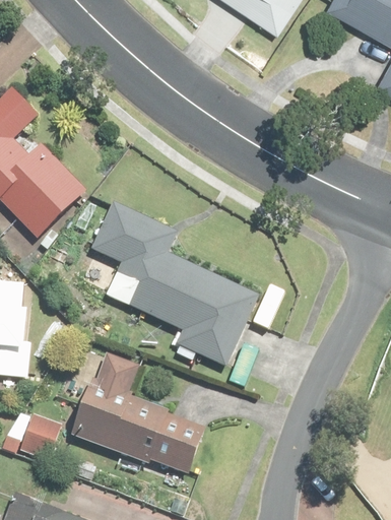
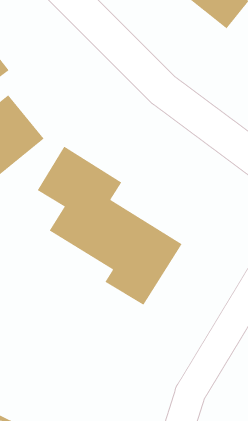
building: [71,350,209,478] -> none

